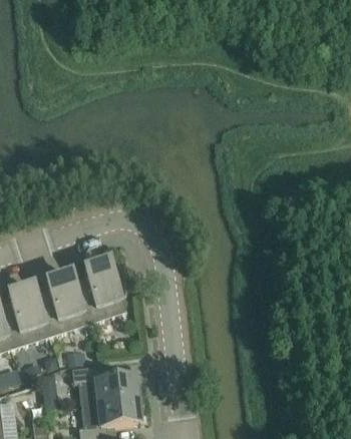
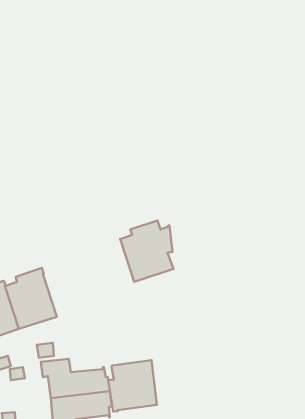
building: [73,261,126,322] -> [120,221,173,282]
building: none -> [108,360,157,412]

